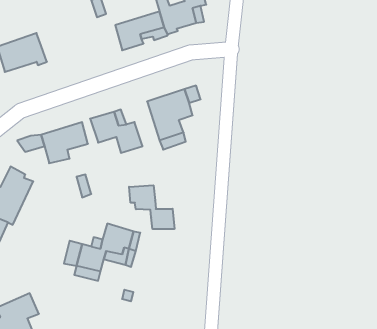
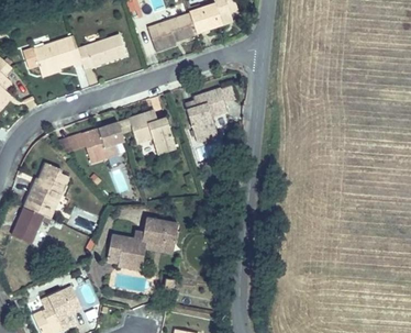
building: none -> [79,32,127,68]
building: [129,185,174,229] -> none

